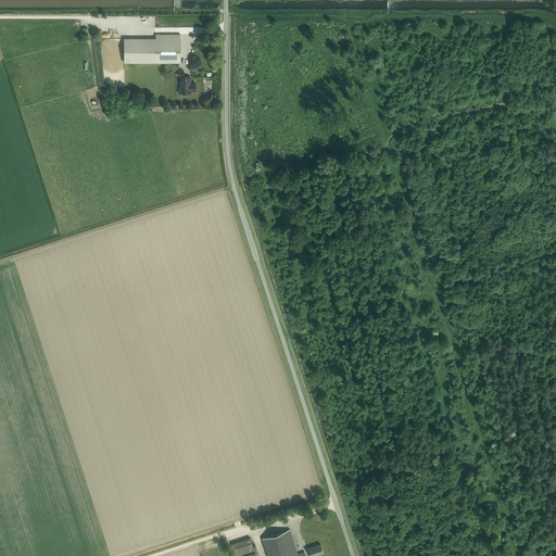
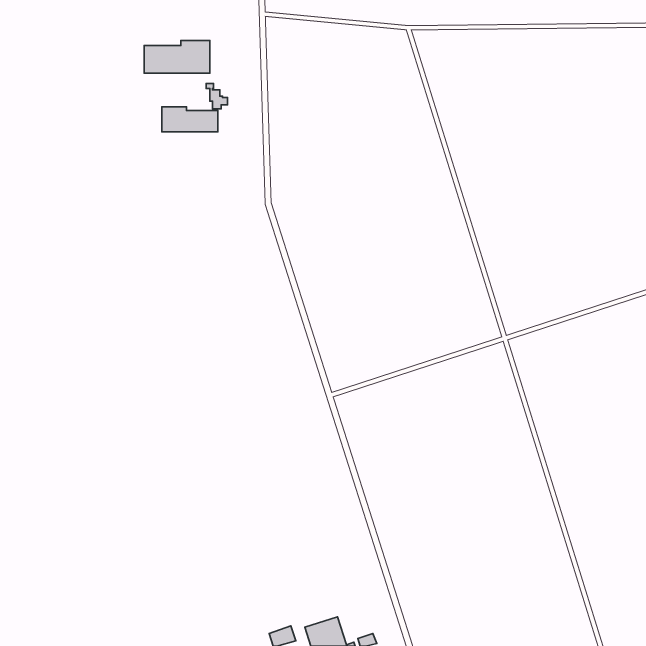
building: none -> [162,107,218,132]

